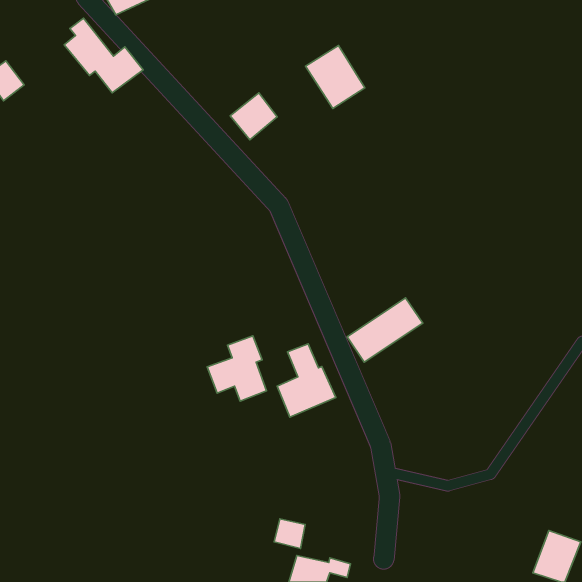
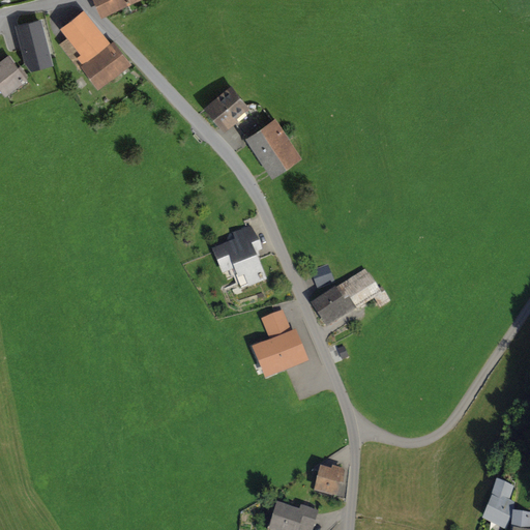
building: none -> [13,19,48,66]
building: [305,45,365,108] -> [249,116,303,173]
building: [207,336,267,401] -> [212,223,266,282]
building: [274,519,305,549] -> [310,468,337,495]

